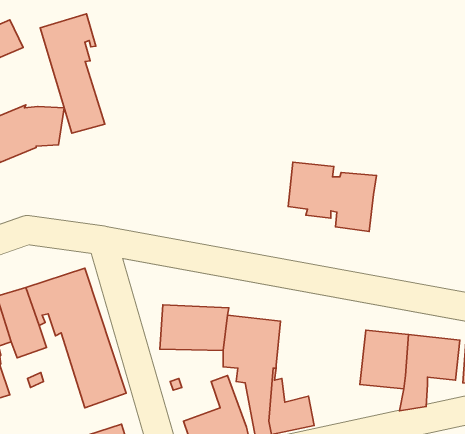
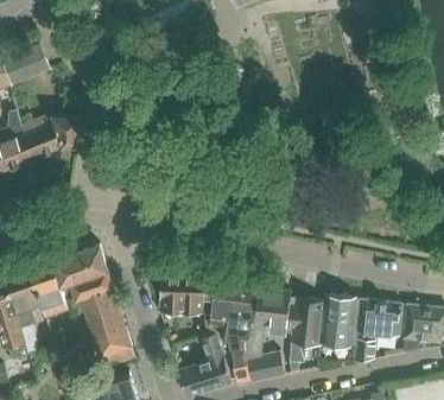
building: [40,14,105,133] -> none
building: [288,162,377,231] -> [253,291,324,347]

